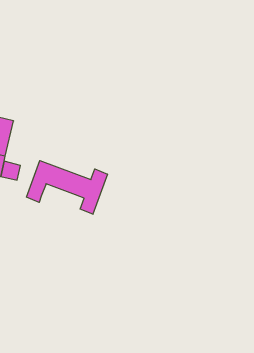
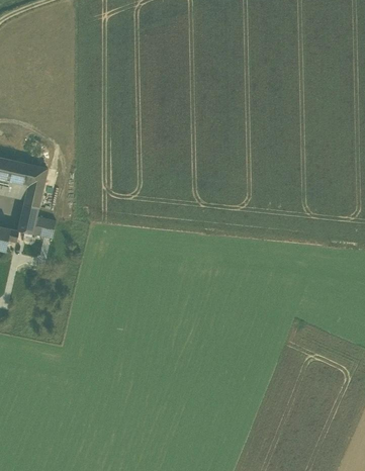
building: [27,161,107,214] -> none

